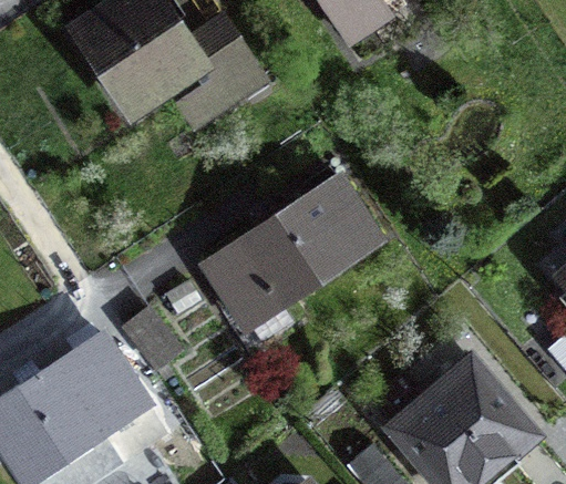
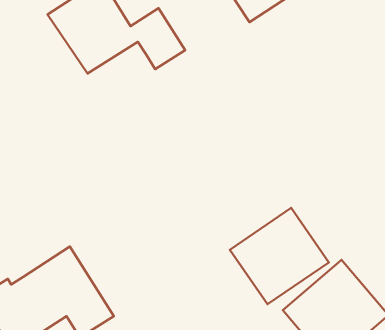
building: [205,178,380,342] -> none
building: none -> [230,208,329,304]

